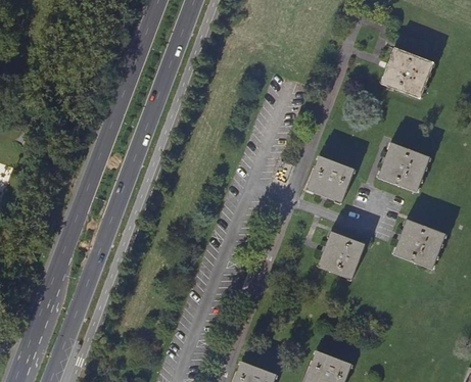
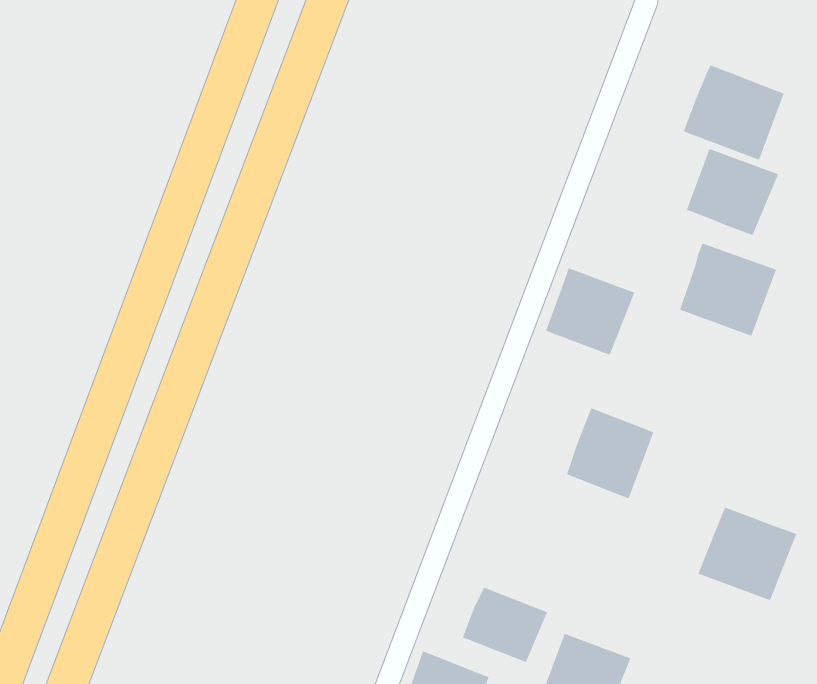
building: none -> [686,148,779,236]
building: [392,219,445,269] -> [698,507,797,601]
building: none -> [462,587,548,663]

